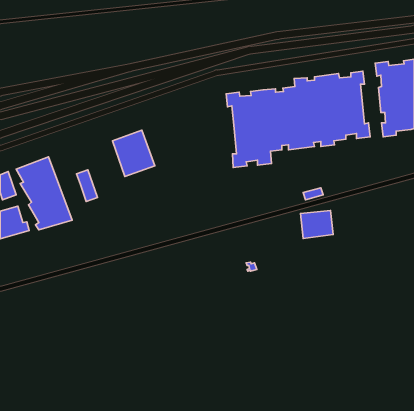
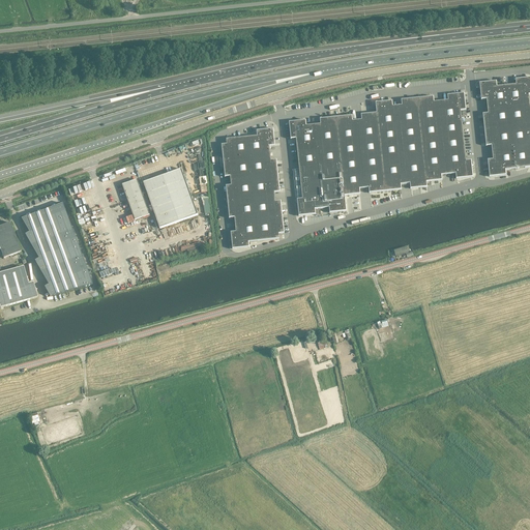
building: none -> [222,127,285,247]
building: [77,170,98,201] -> [122,177,149,217]
building: [300,210,333,238] -> none

